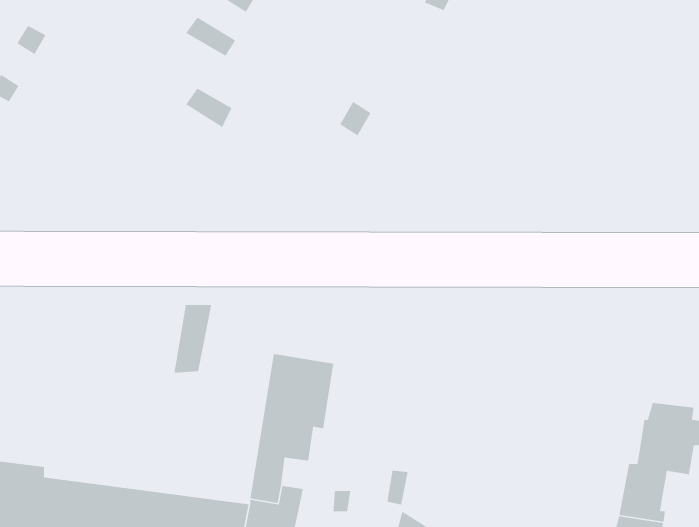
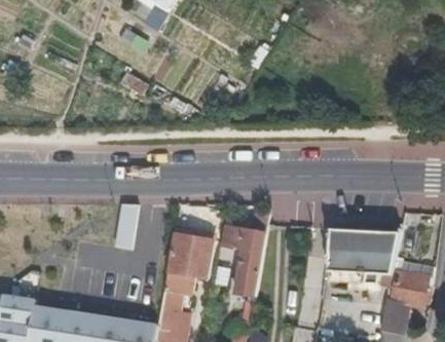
building: none -> [221,216,269,297]
building: none -> [324,228,401,276]

